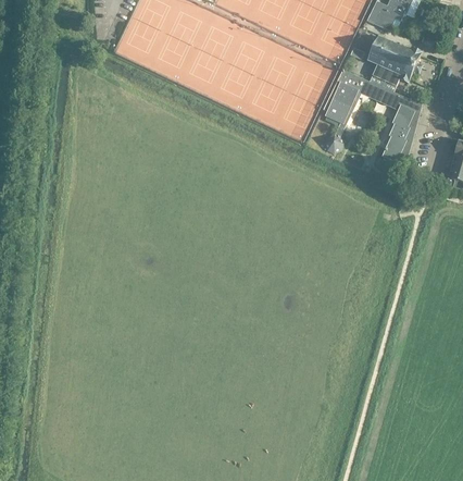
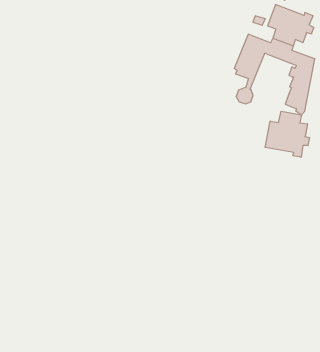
building: none -> [265,111,310,157]

